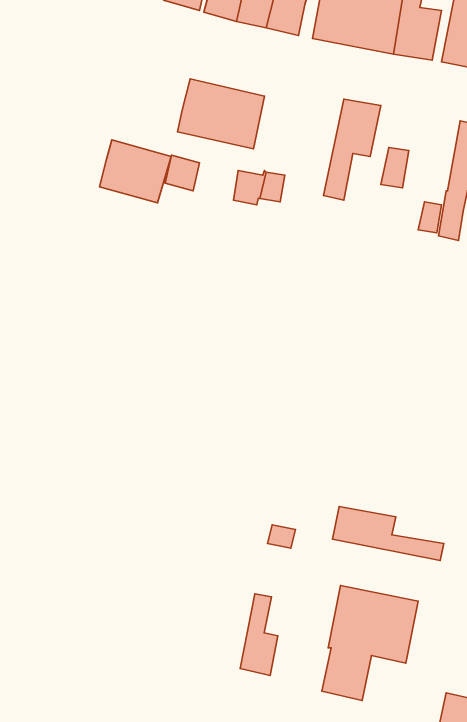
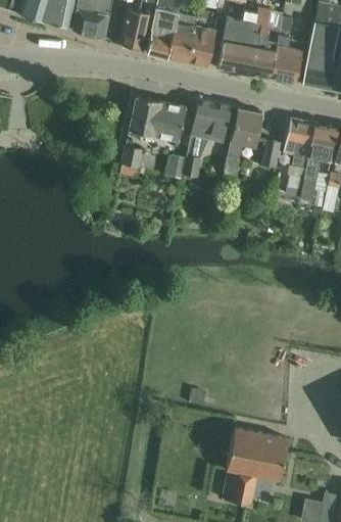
building: none -> [191,100,230,140]
building: none -> [285,118,314,169]
building: [99,140,171,203] -> none
building: [332,506,444,561] -> none
building: [240,594,278,676] -> none

